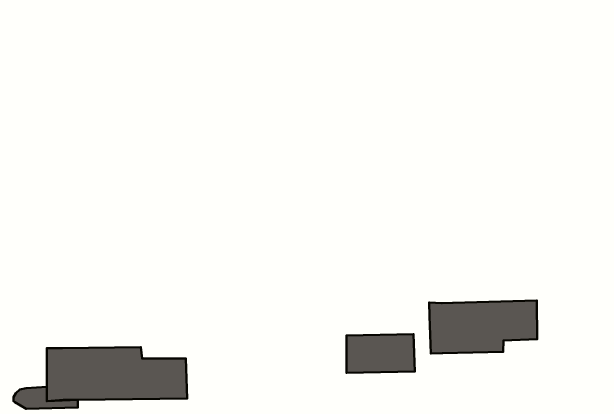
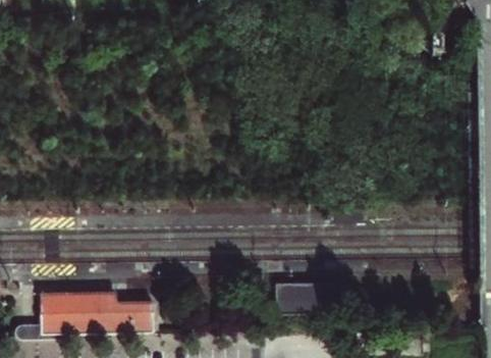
building: [429,301,537,354] -> none

